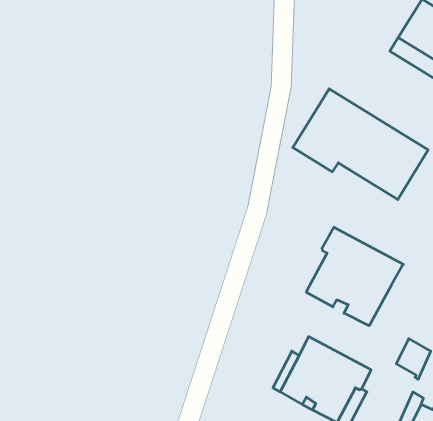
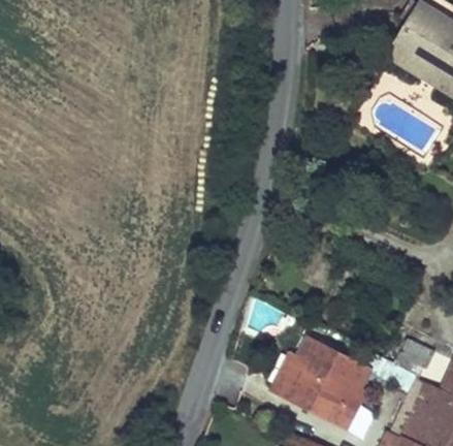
building: [293,89,428,200] -> none
building: [307,227,403,326] -> none

